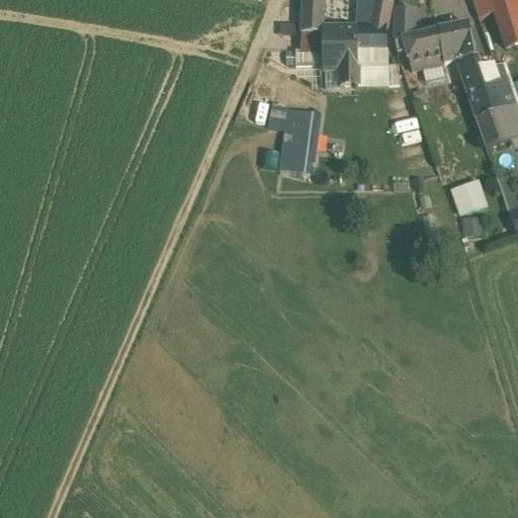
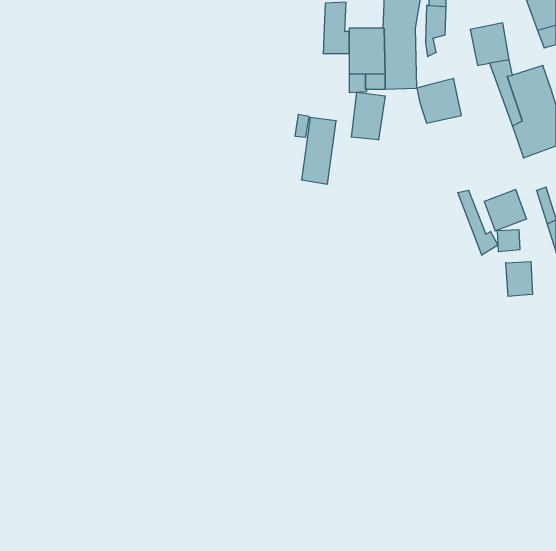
building: [403,26,444,68] -> [417,78,461,123]
building: none -> [351,92,385,140]
building: none -> [458,190,498,255]
building: none -> [506,261,532,296]

